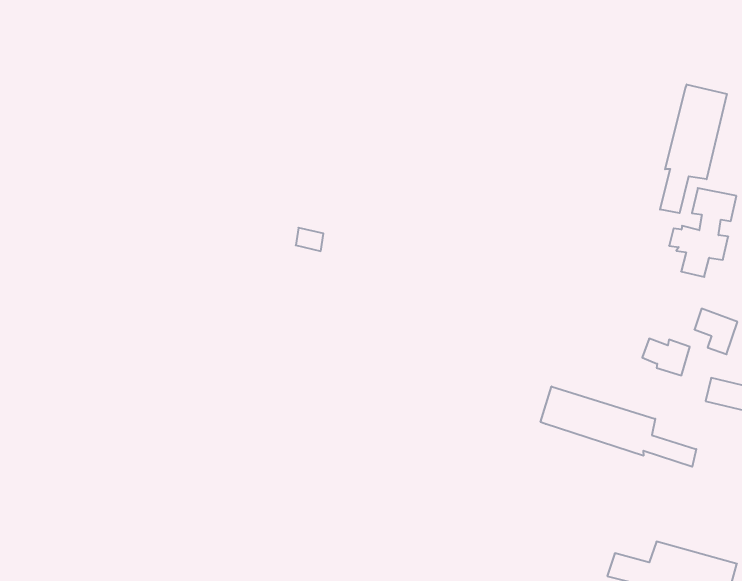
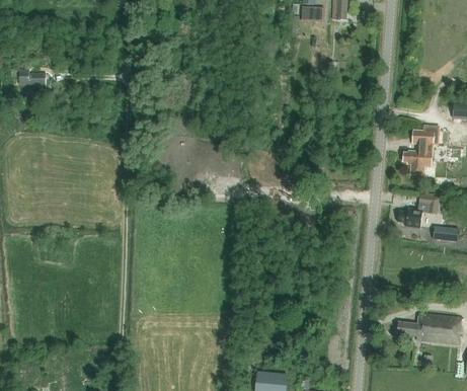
building: [660,84,727,213] -> none
building: [541,386,696,467] -> none

